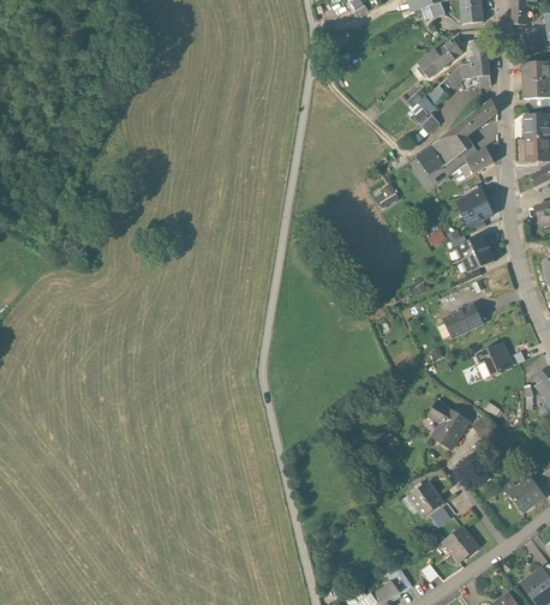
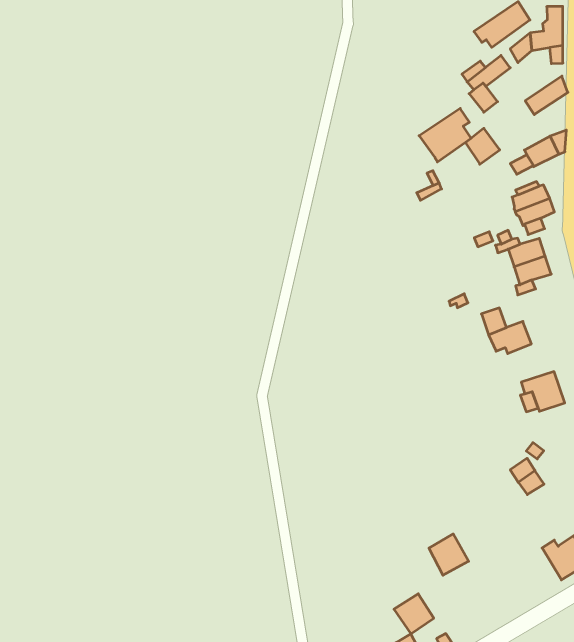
building: [430,120,473,166] -> [419,108,471,162]
building: [430,401,470,450] -> none
building: [444,528,478,562] -> [394,594,434,634]

